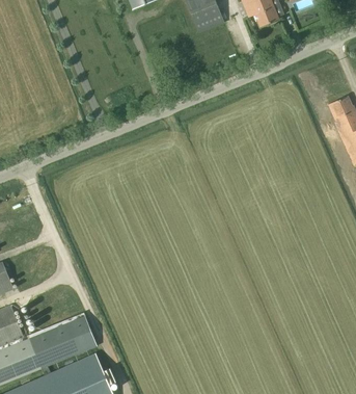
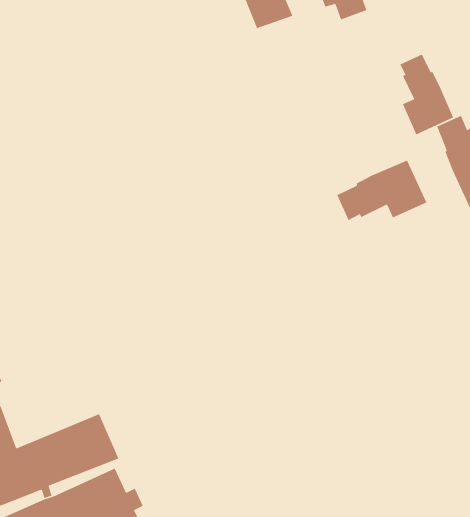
building: none -> [399,54,454,135]
building: none -> [336,160,427,221]

